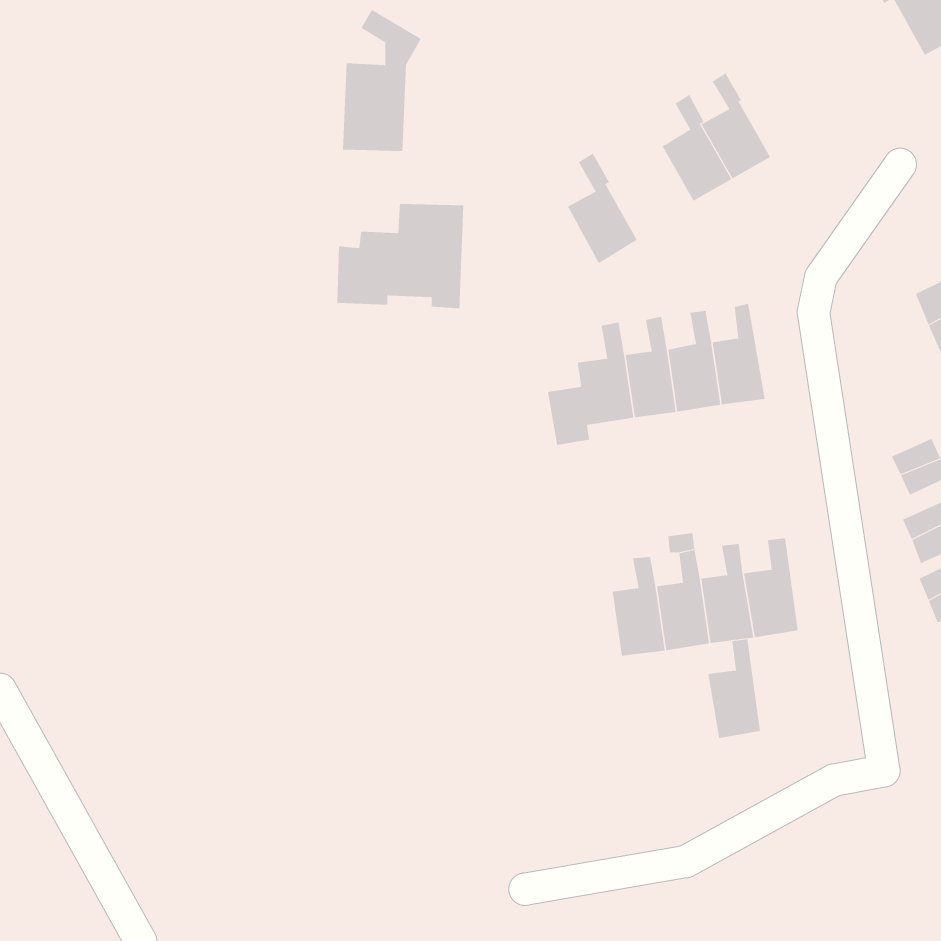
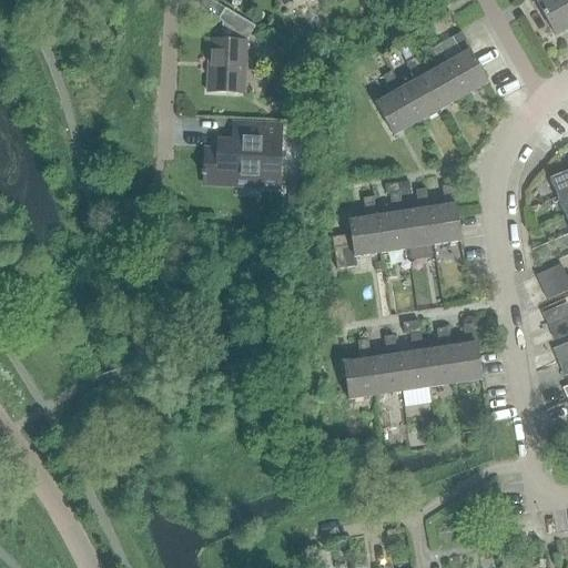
building: none -> [438,30,488,94]
building: [567,153,637,264] -> [376,69,418,135]
building: [707,639,761,739] -> [343,338,375,398]

